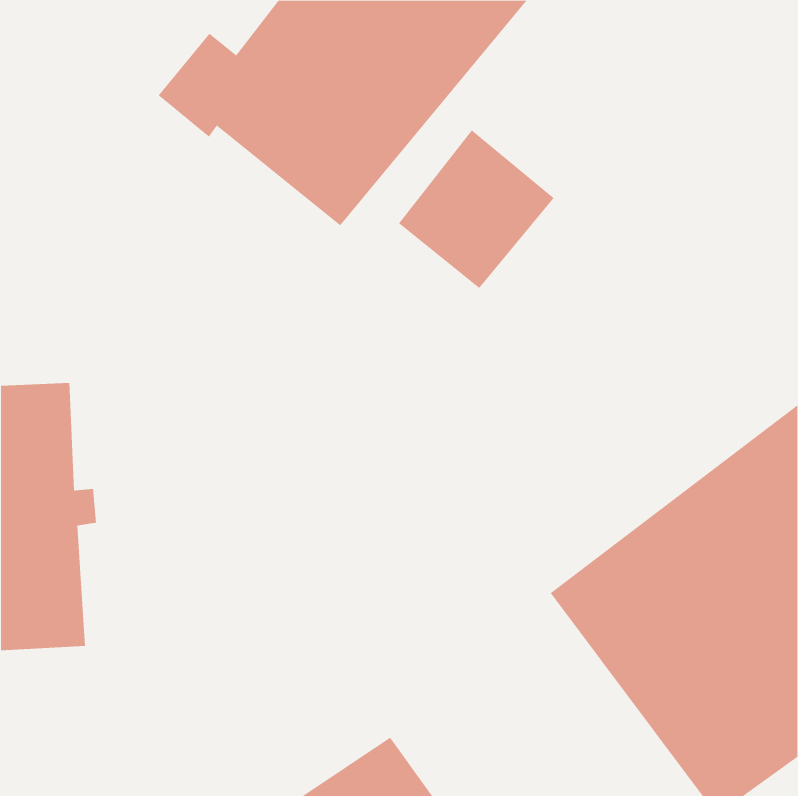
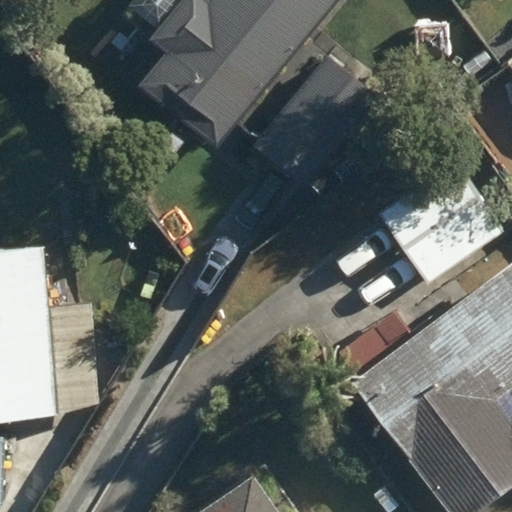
building: none -> [381,164,504,285]

